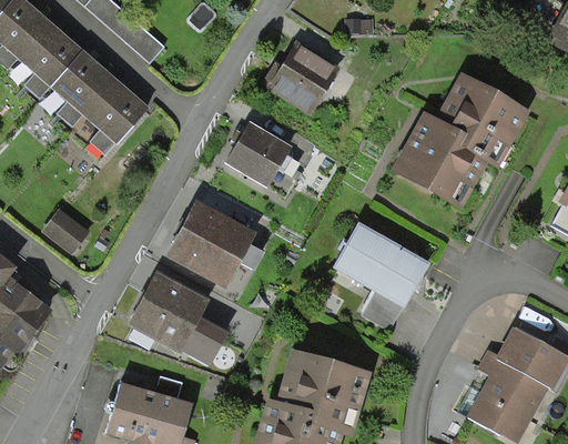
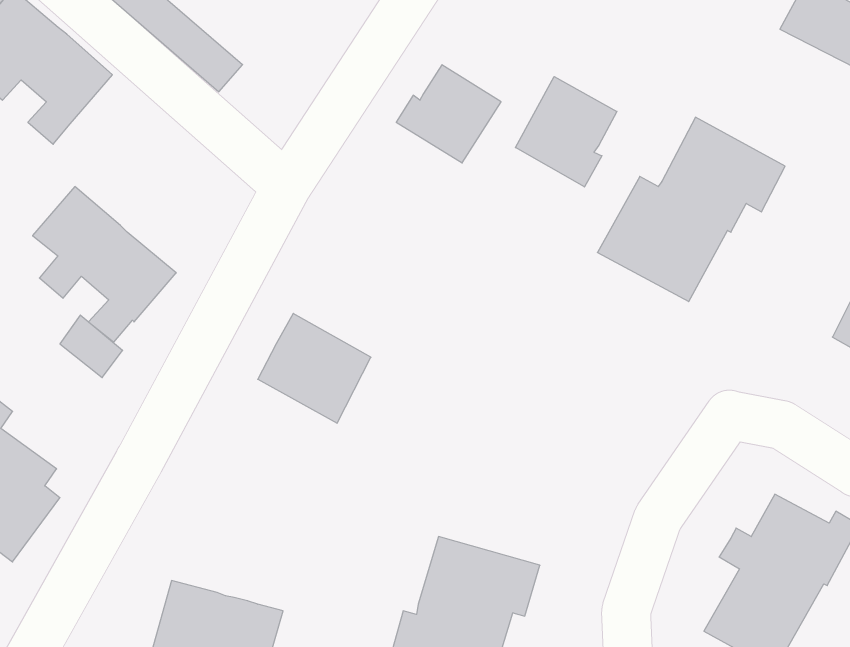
building: [52,51,146,153] -> [33,187,176,342]
building: none -> [515,77,617,187]
building: [227,123,300,195] -> none
building: [333,223,427,327] -> none
building: [138,279,221,357] -> none

